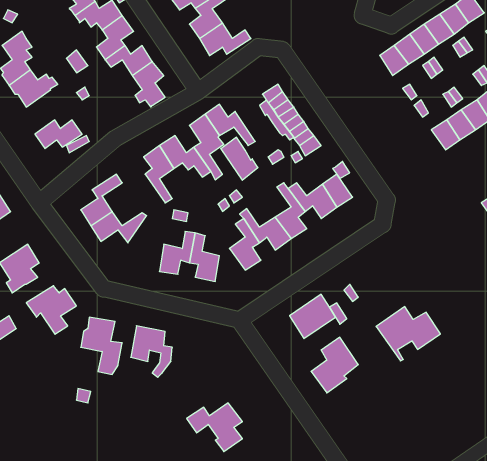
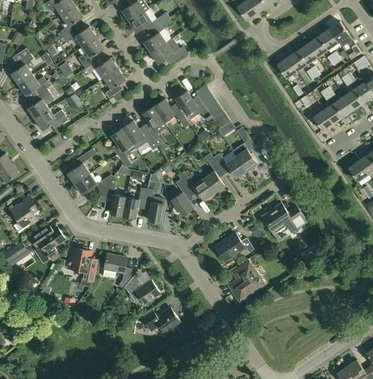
building: none -> [24,88,54,119]
building: [221,137,258,180] -> [175,90,201,120]
building: none -> [97,176,125,215]
building: [376,307,440,361] -> [261,202,306,240]
building: none -> [124,274,160,306]

